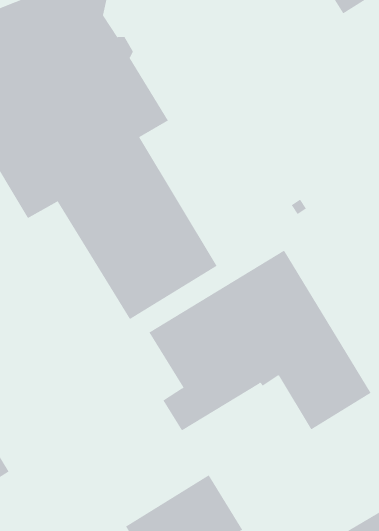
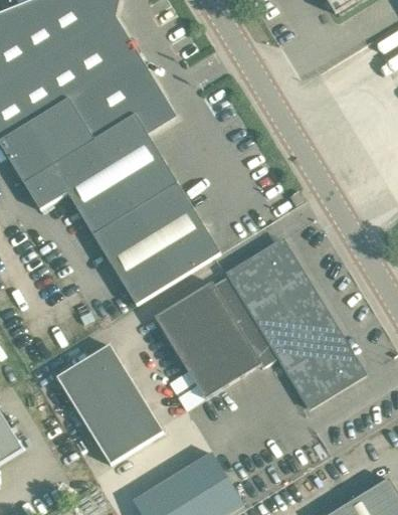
building: none -> [58,345,162,463]

